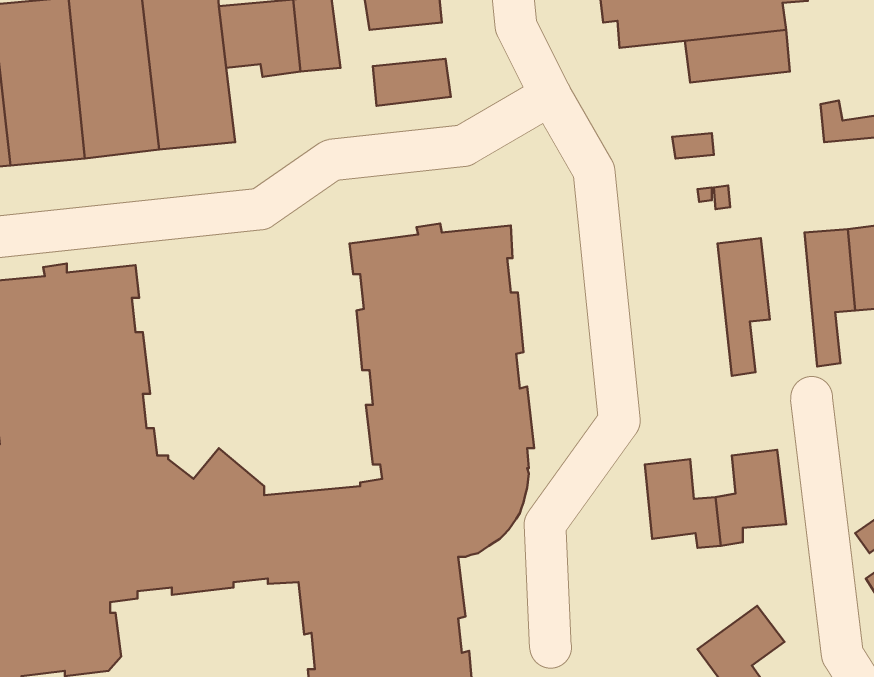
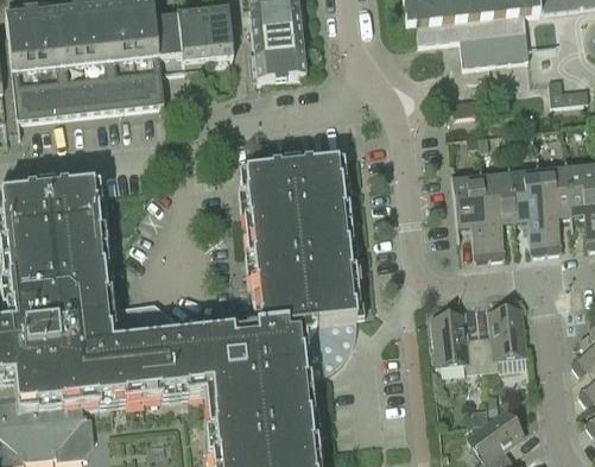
building: none -> [253,26,303,55]
building: none -> [509,164,546,253]
building: none -> [451,171,490,259]

